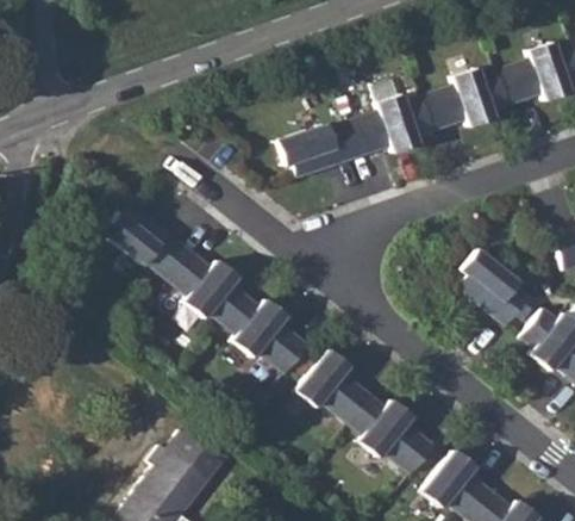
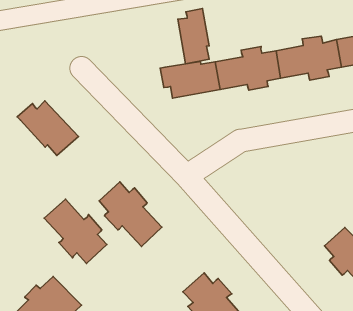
building: none -> [178,8,209,64]
building: [162,244,248,323] -> [44,199,107,264]
building: [460,250,531,325] -> none
building: [296,349,374,423] -> none

